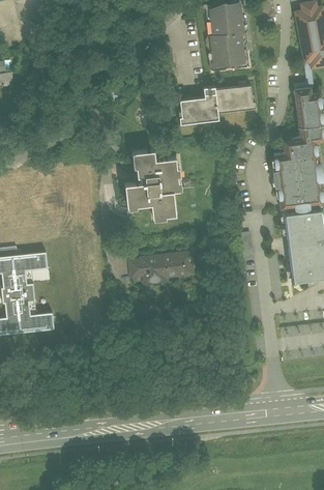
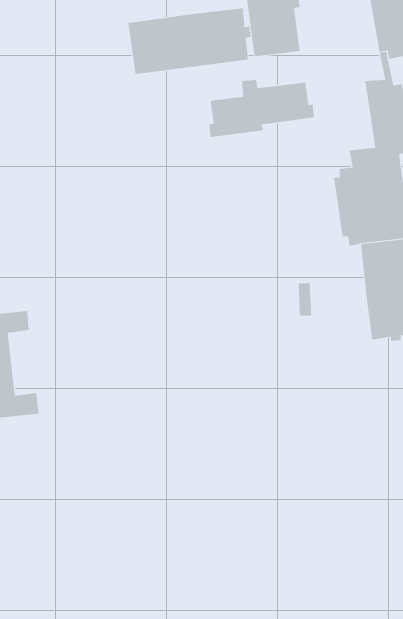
building: none -> [128,8,251,75]
building: [125,152,181,220] -> none
building: [129,250,197,285] -> none

